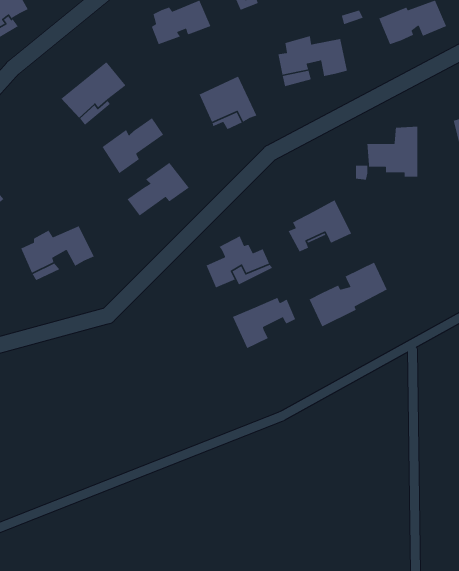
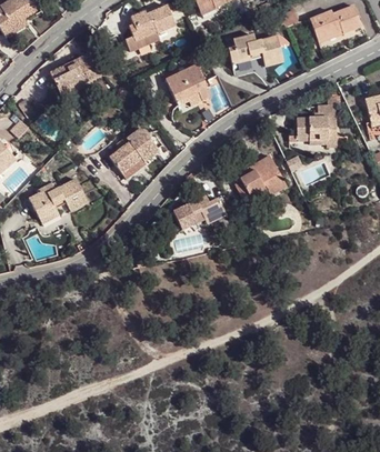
building: [101,117,164,174] -> none
building: [309,262,388,327] -> none
building: [232,297,296,349] -> none

